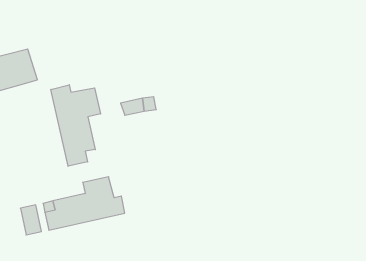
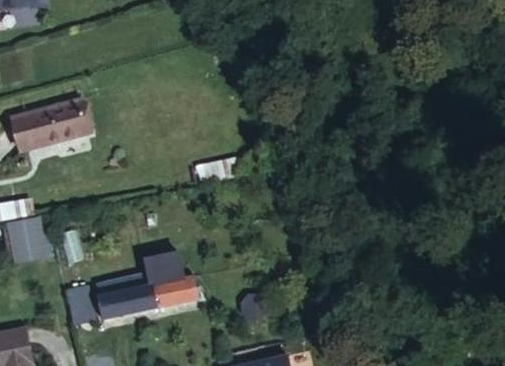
building: [51,85,100,166] -> none

